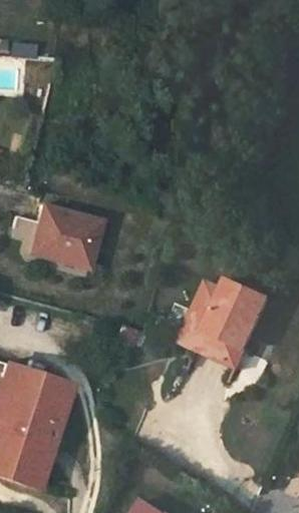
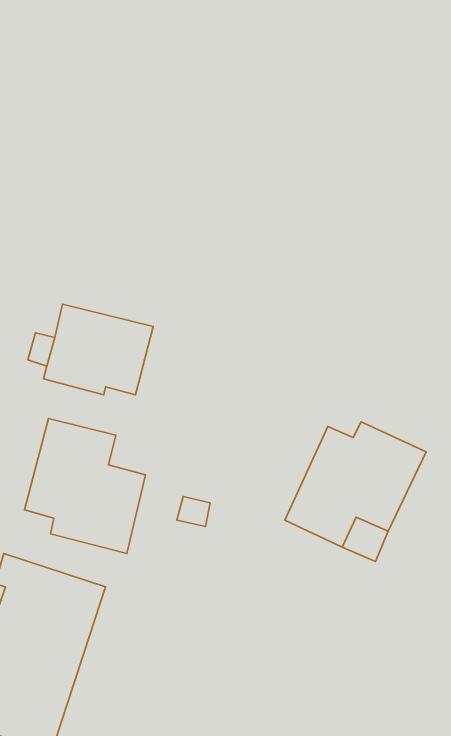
building: none -> [25,418,145,553]

